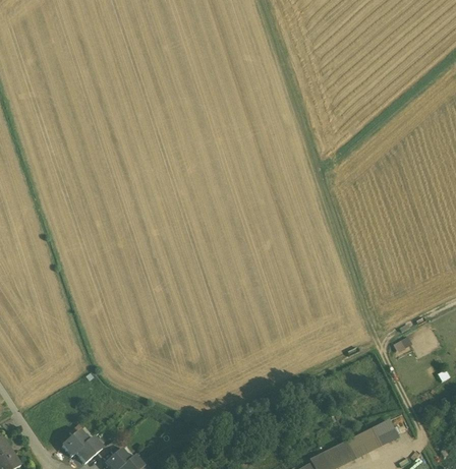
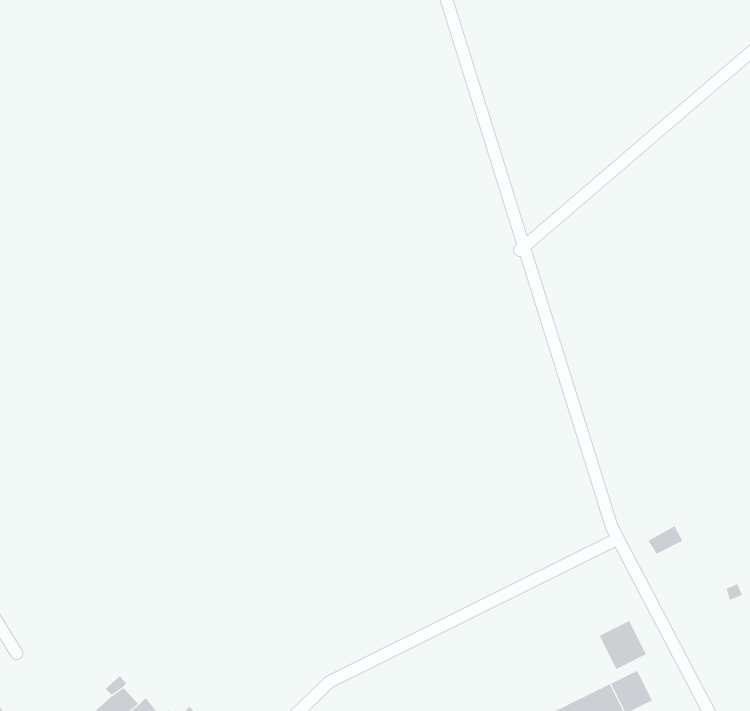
building: none -> [599,620,647,670]

